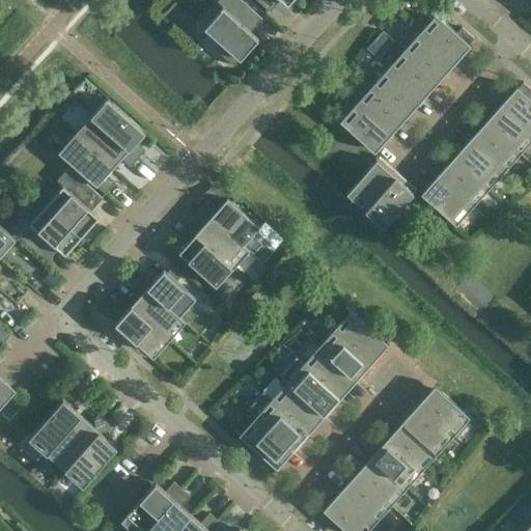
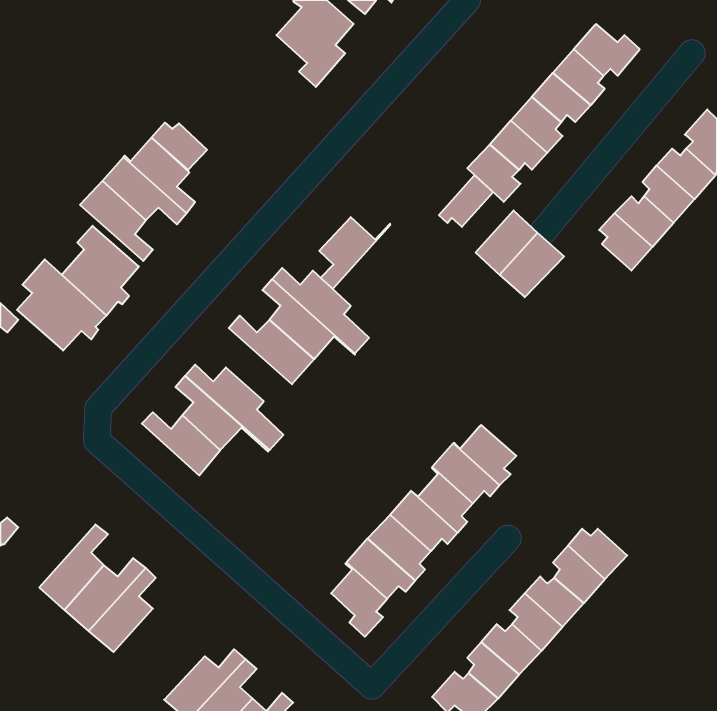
building: none -> [152,123,207,170]
building: none -> [439,175,493,227]
building: none -> [319,217,390,289]
building: [422,185,467,222] -> none

